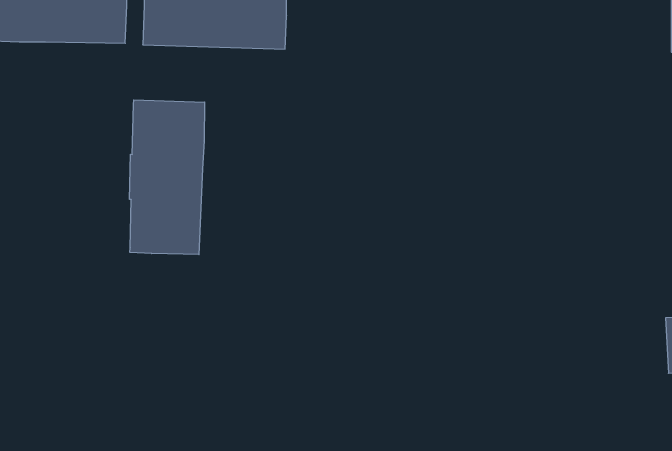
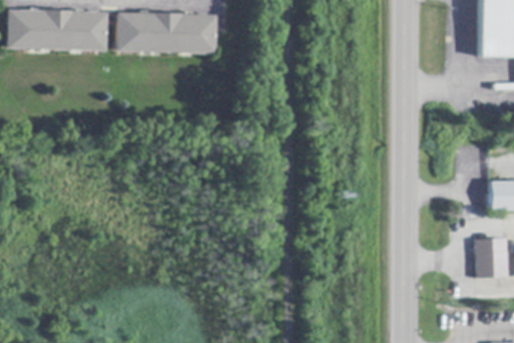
building: [130,100,205,255] -> none

